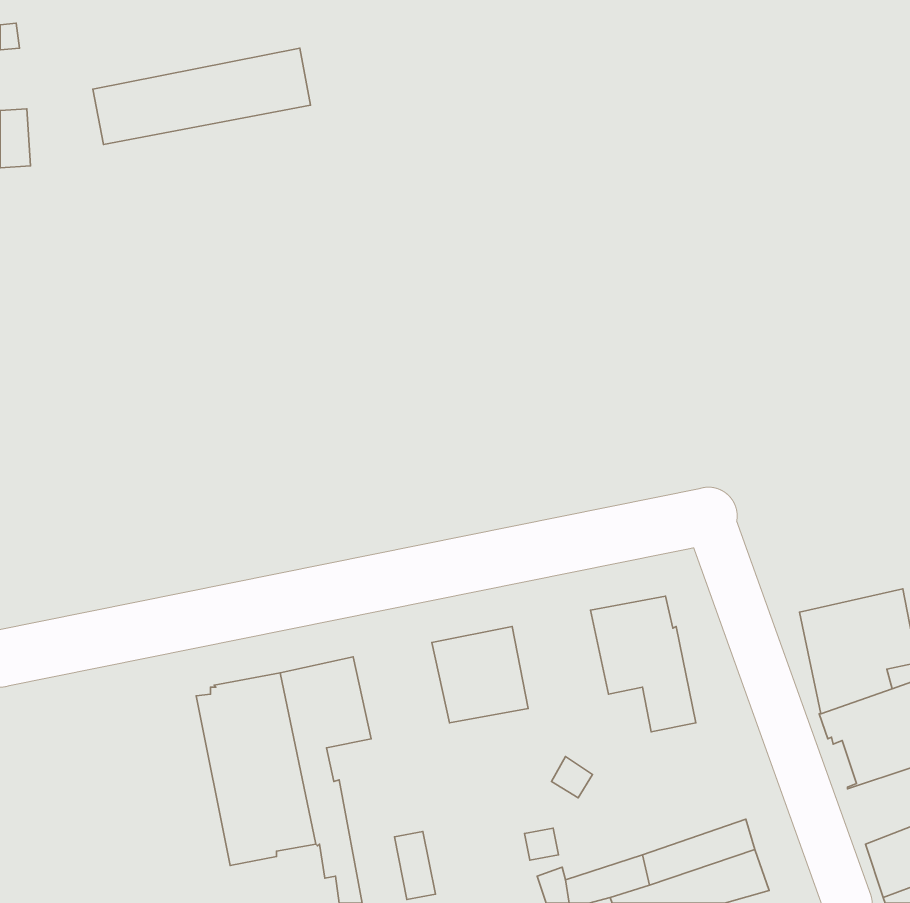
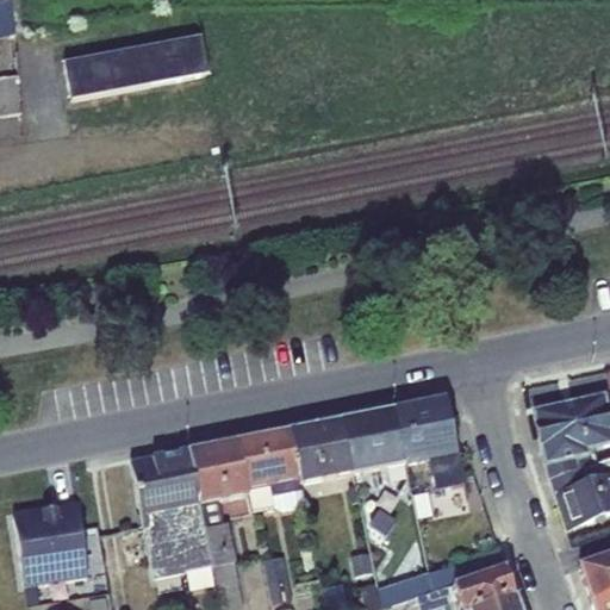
building: none -> [343,407,407,473]
building: none -> [237,429,306,511]
building: none -> [13,500,87,585]

